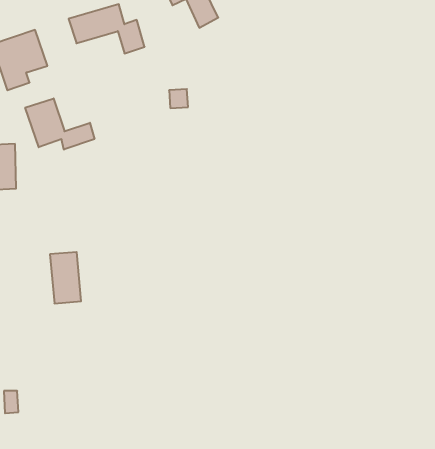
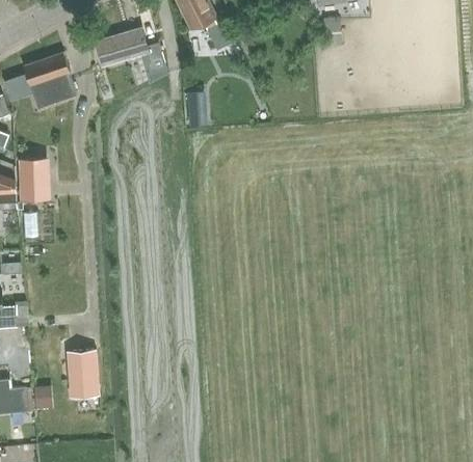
building: [25,98,94,150] -> none
building: [50,252,81,303] -> [70,349,99,397]

